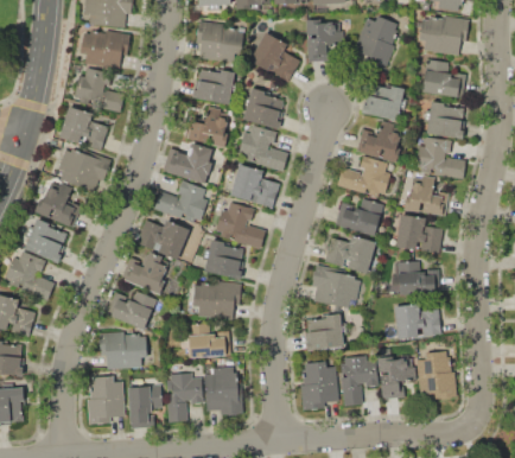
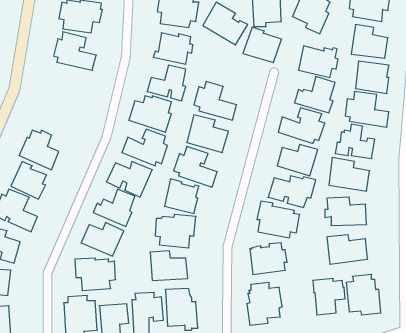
building: [242,87,287,128] -> [243,27,282,63]
building: [59,106,108,150] -> none
building: [58,148,107,192] -> none
building: [341,354,379,405] -> none

